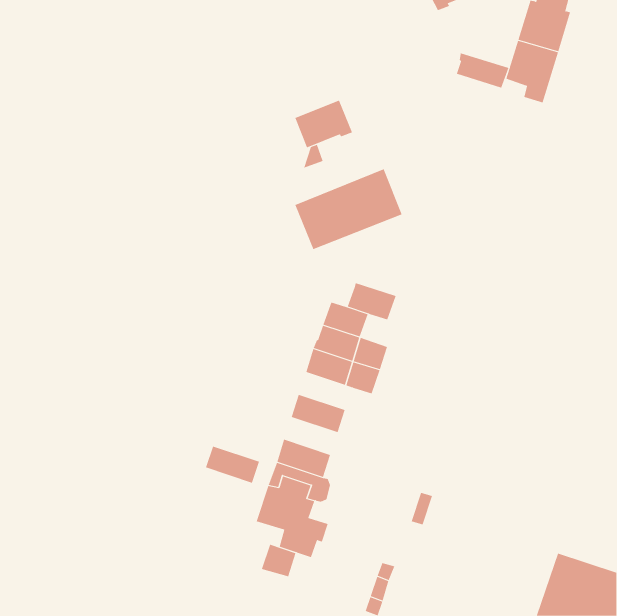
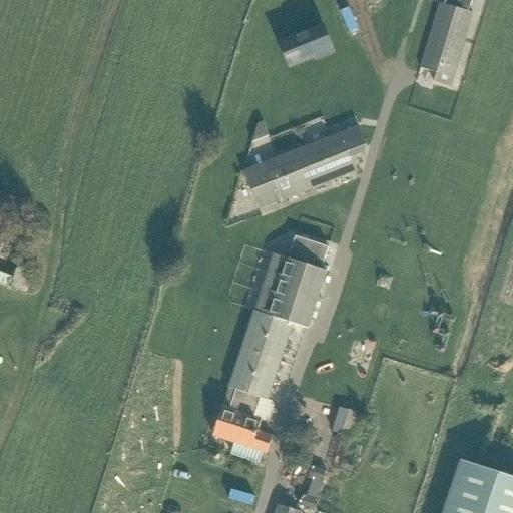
building: [456,53,509,89] -> none
building: [294,100,353,148] -> [284,22,332,62]
building: none -> [318,124,365,177]
building: none -> [298,260,327,287]
building: none -> [246,308,292,339]
building: [205,446,260,483] -> [234,345,280,376]
building: [261,544,296,577] -> none

